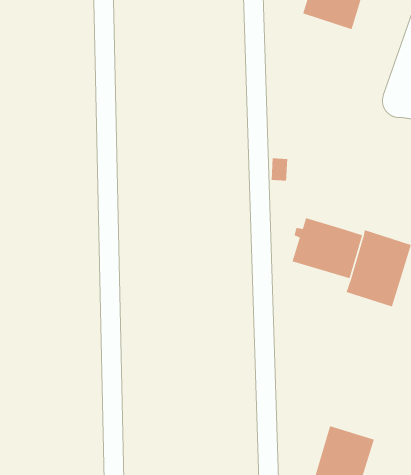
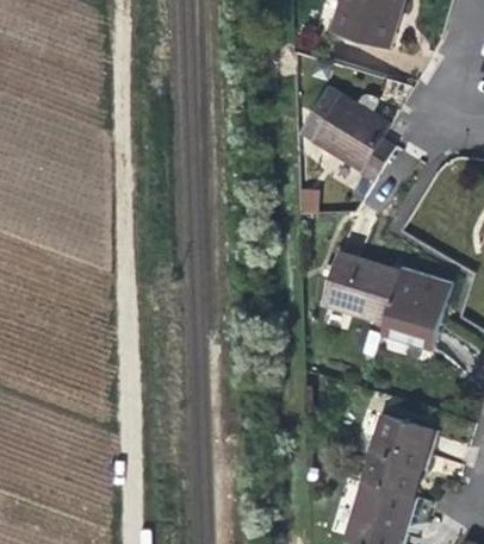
building: none -> [312,94,396,176]
building: none -> [362,413,432,495]

